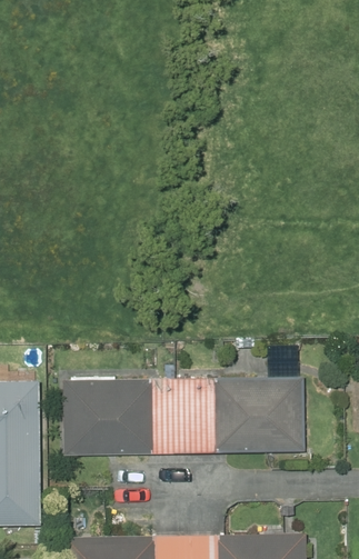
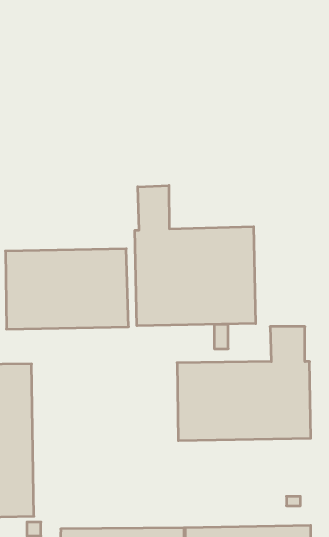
building: none -> [135,185,256,326]
building: [60,378,178,455] -> [5,249,129,329]

